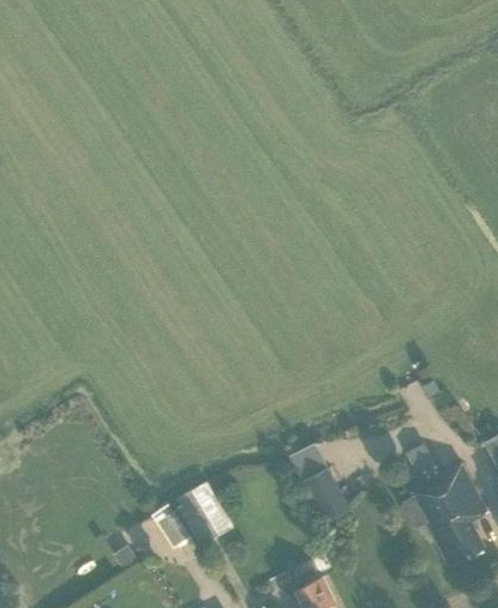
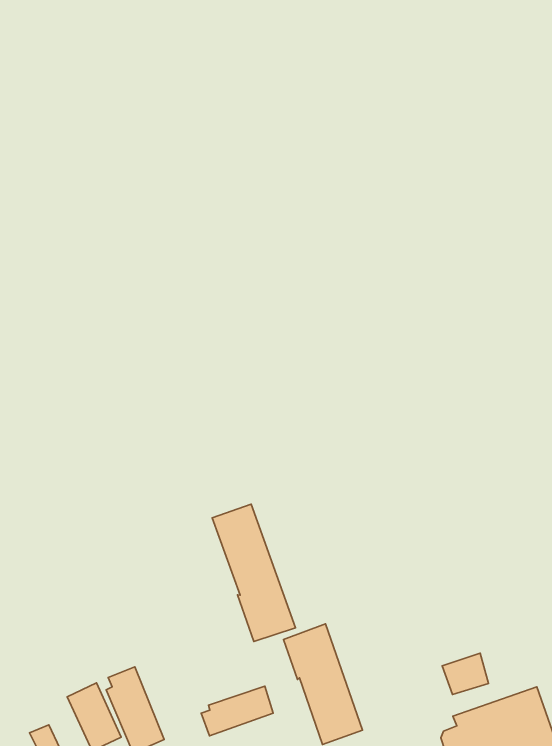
building: none -> [212,504,295,642]
building: none -> [201,686,273,736]

